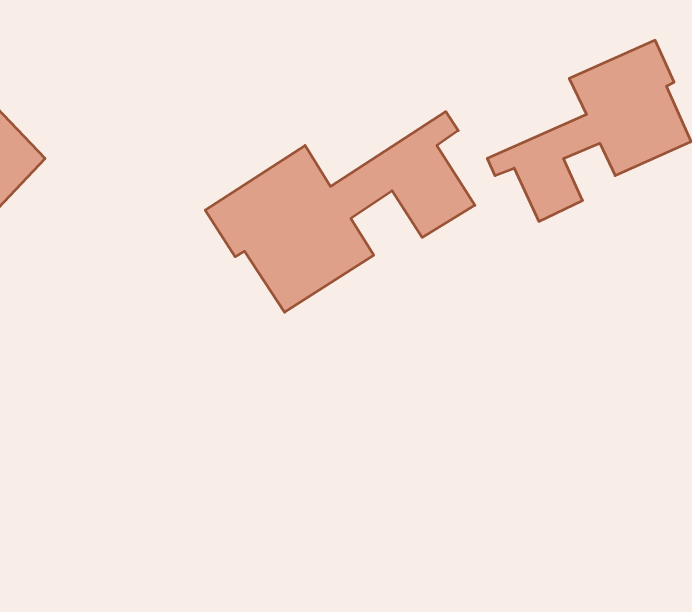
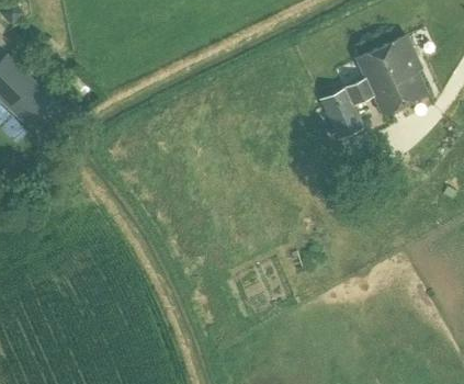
building: [205,112,475,312] -> none

